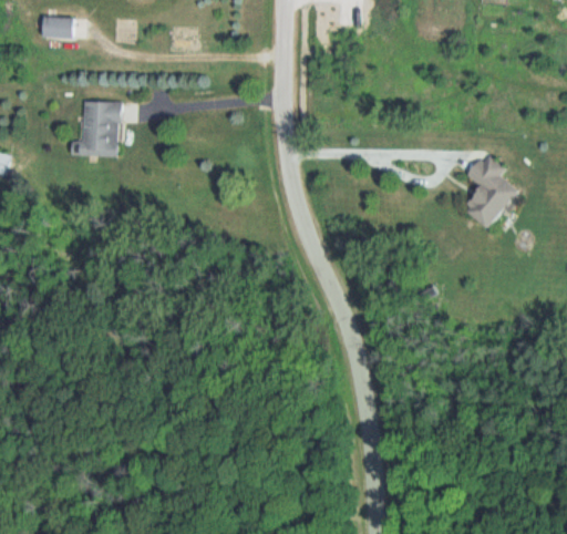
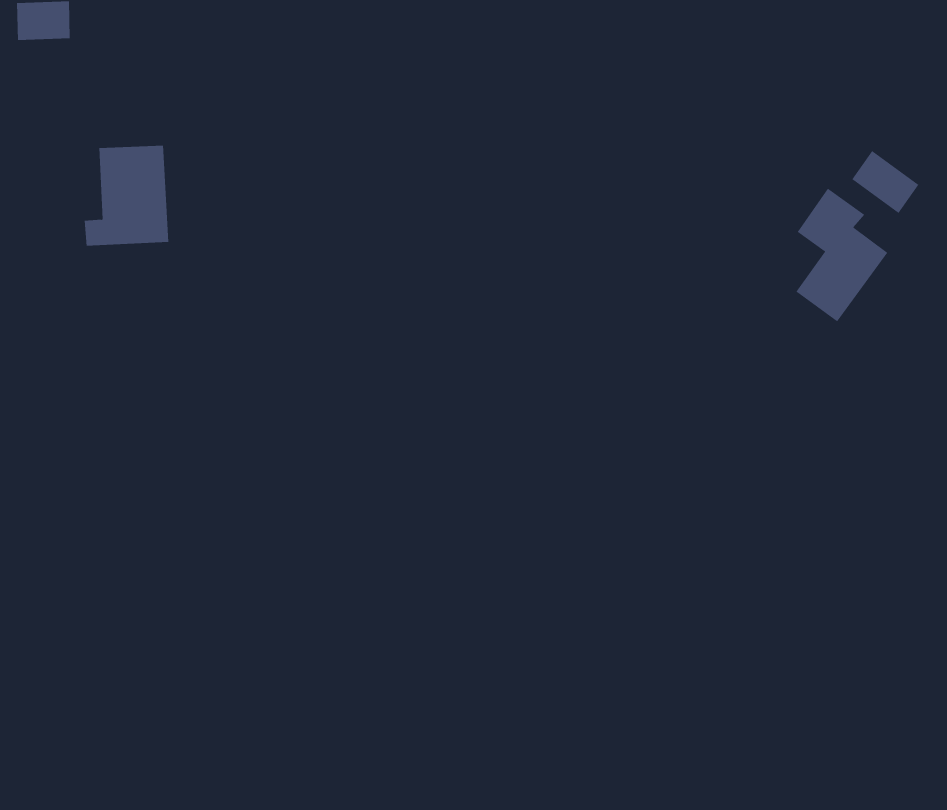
building: none -> [851,150,919,214]

